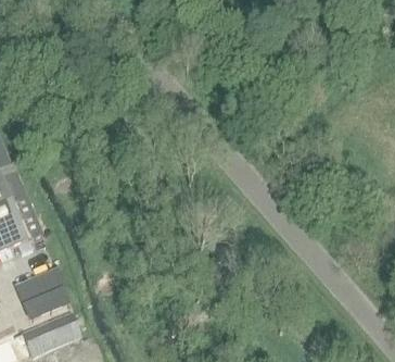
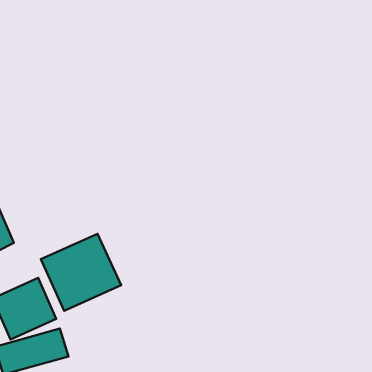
building: none -> [41,234,121,311]

